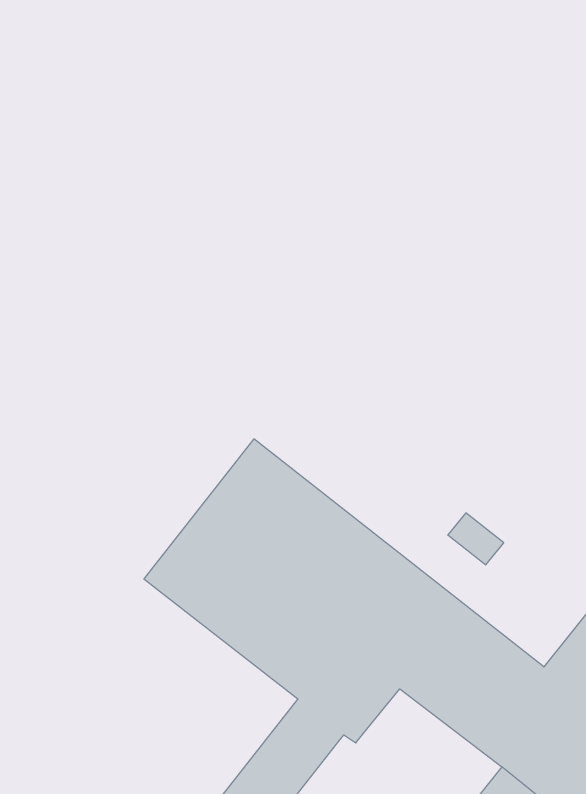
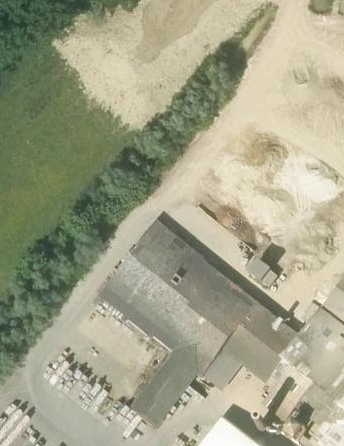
building: none -> [208,350,243,385]

